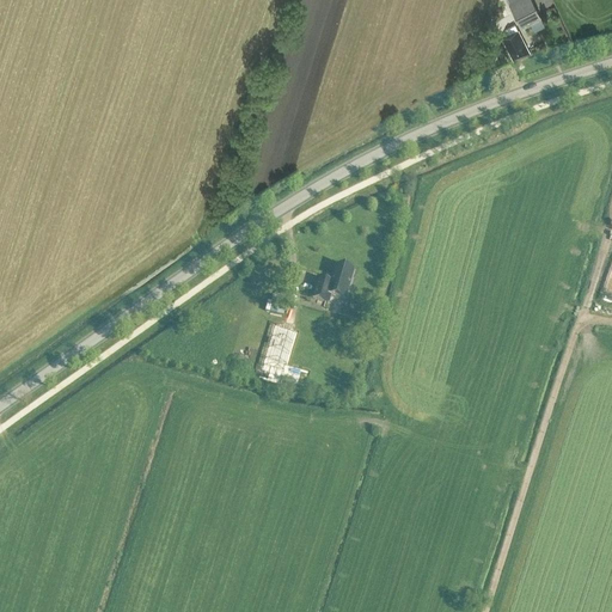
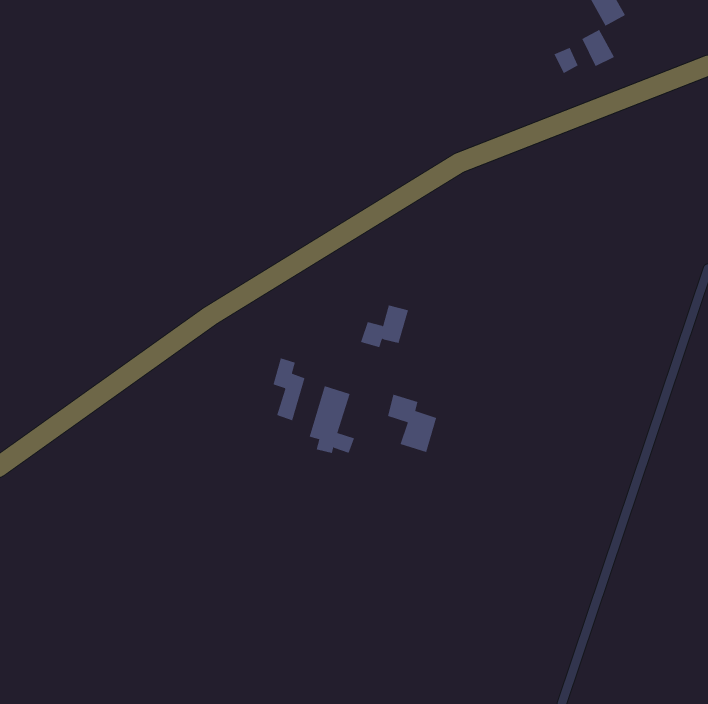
building: none -> [273,358,305,421]
building: none -> [387,394,437,453]

